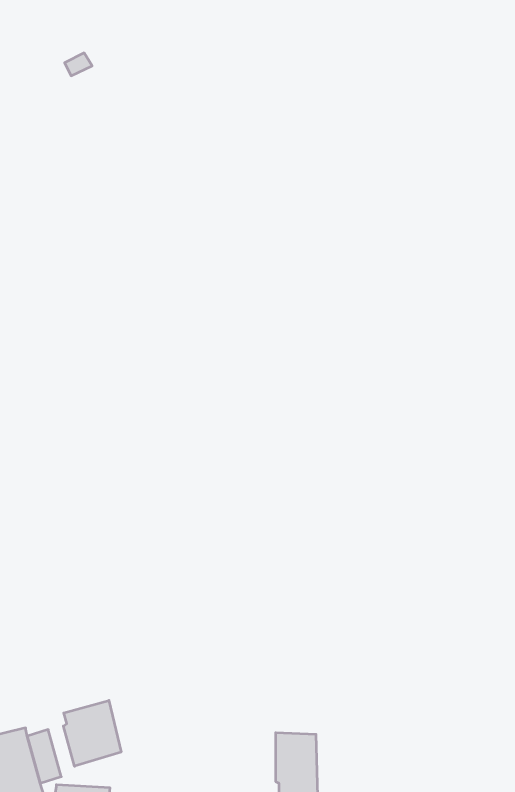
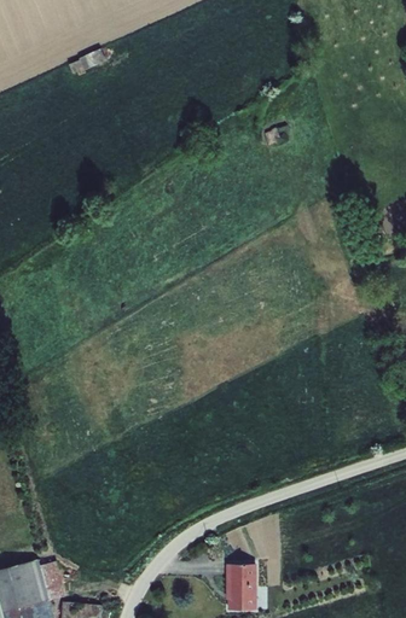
building: [63,700,121,766] -> none

